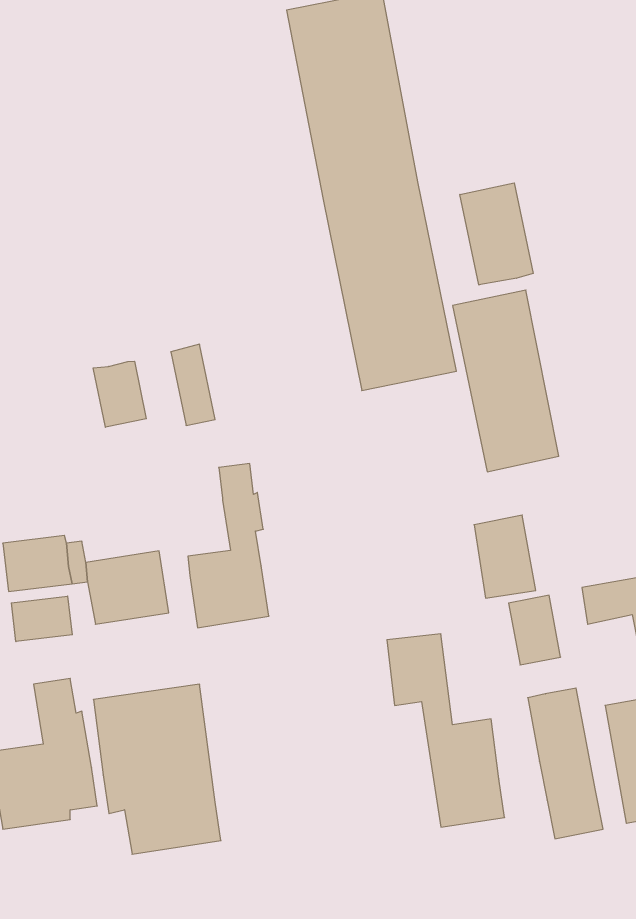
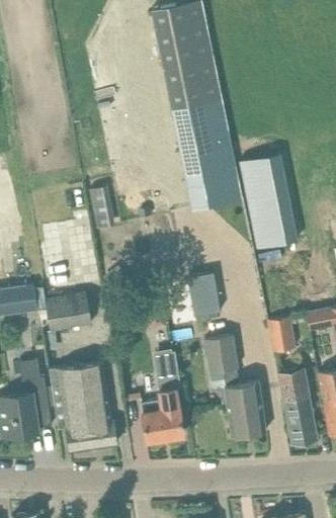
building: [460,183,533,285] -> none
building: [93,361,146,427] -> none
building: [188,464,269,628] -> [142,355,184,441]
building: [474,515,536,598] -> [188,273,221,317]
building: [11,596,72,642] -> none

